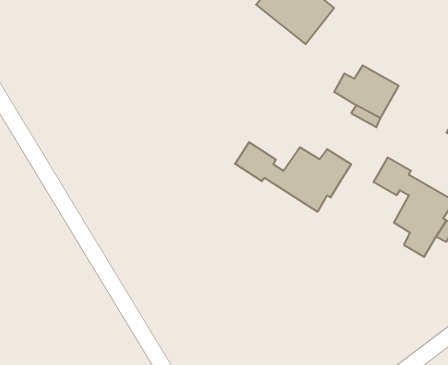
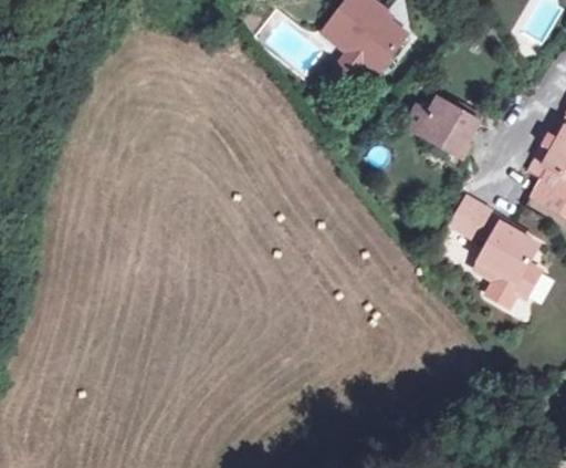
building: [235,142,351,212] -> none

